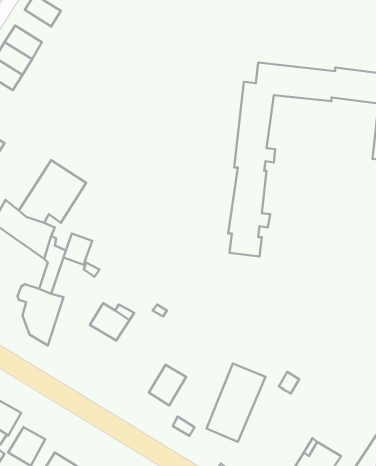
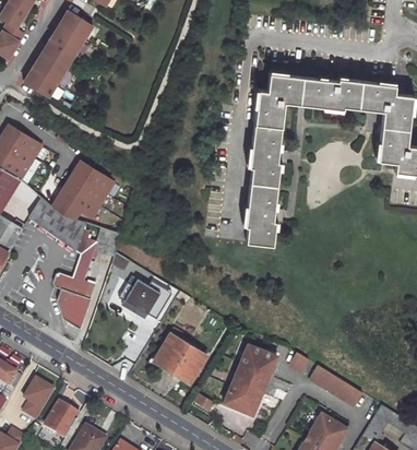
building: none -> [50,24,83,54]
building: none -> [153,329,187,371]
building: none -> [311,366,361,407]

